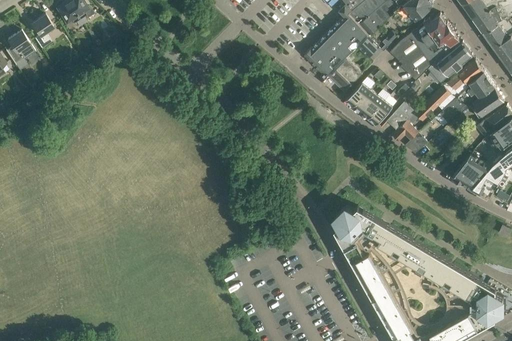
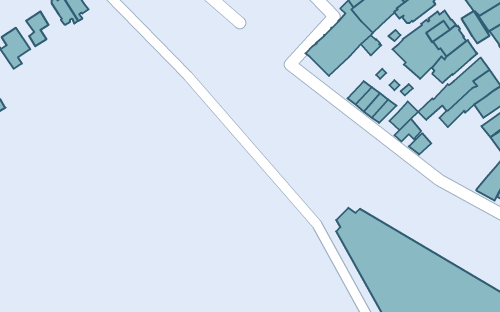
building: none -> [462,11,489,43]
building: [321,58,361,96] -> none
building: [451,155,489,188] -> none

